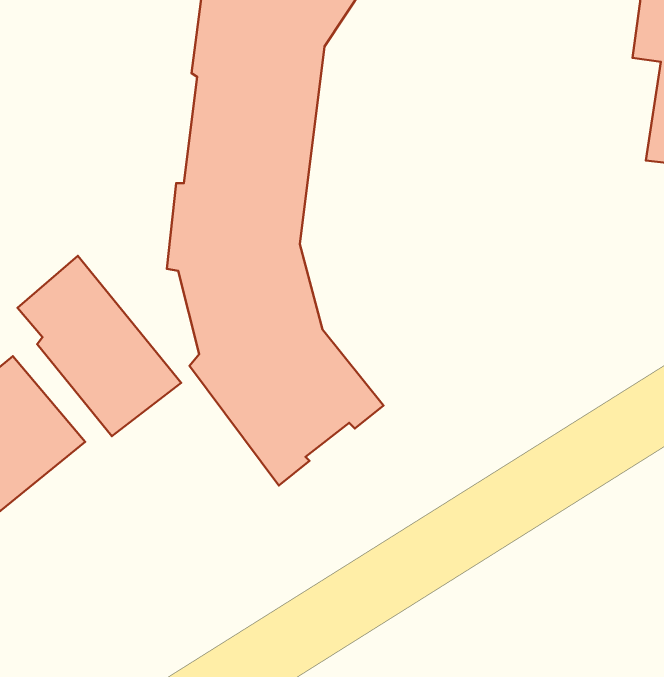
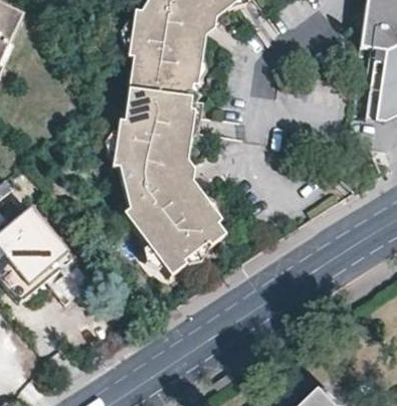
building: [18,256,181,436] -> none

